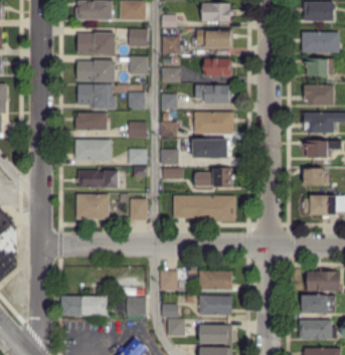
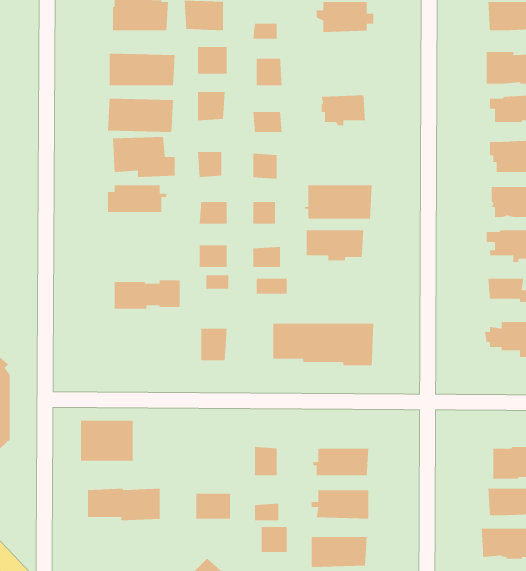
building: [197,29,231,48] -> none
building: [194,84,234,103] -> none
building: [75,141,110,160] -> none
building: [192,168,234,187] -> none
building: [76,194,109,219] -> [80,420,134,461]

